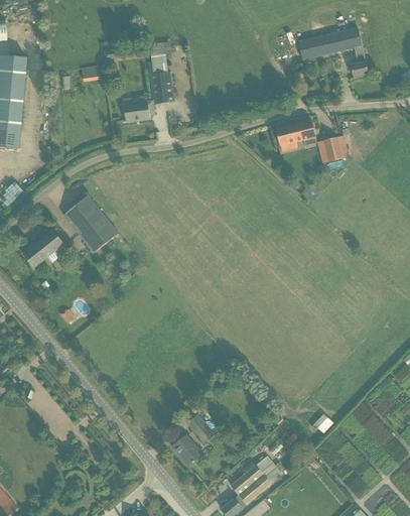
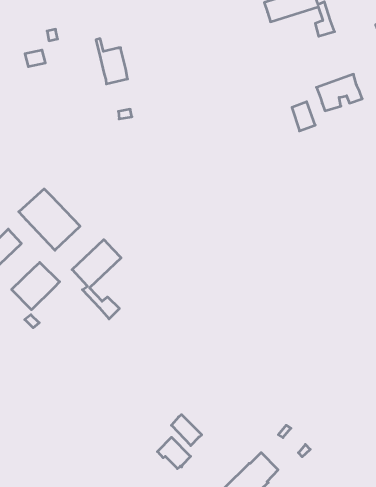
building: [122,98,155,121] -> none
building: [275,119,316,150] -> [316,74,362,111]
building: none -> [72,240,121,319]
building: none -> [12,262,60,310]

